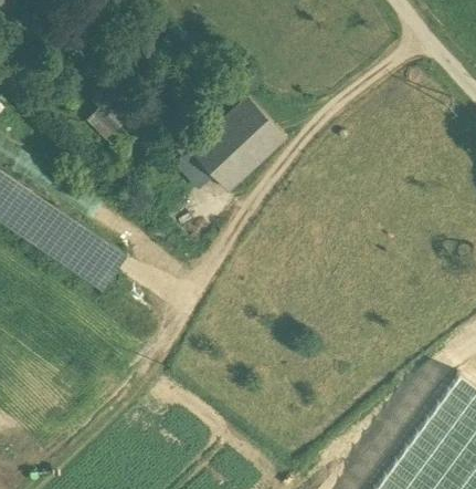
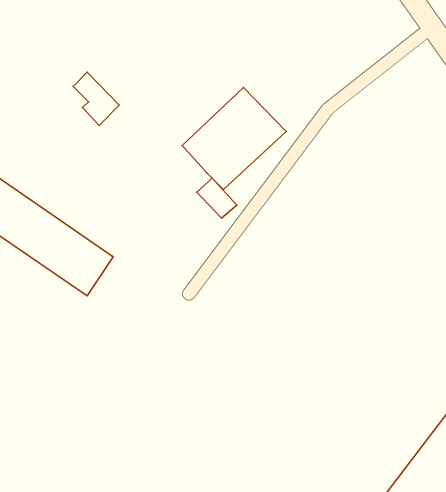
building: [176,153,213,190] -> [197,178,237,218]

